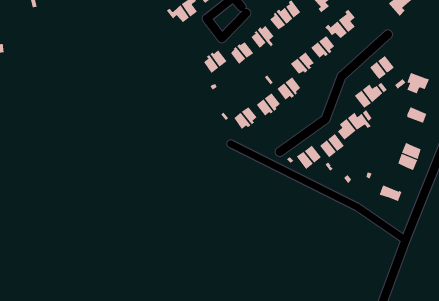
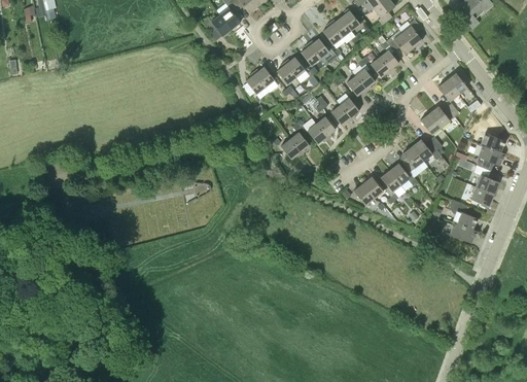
building: [407,72,430,94] -> [478,144,504,170]
building: none -> [450,200,477,230]

